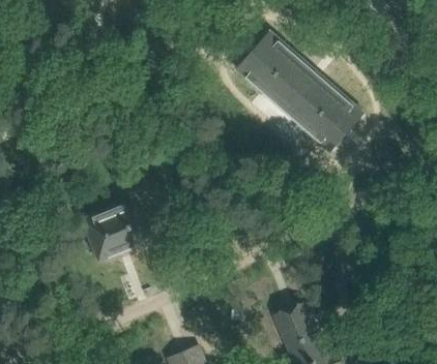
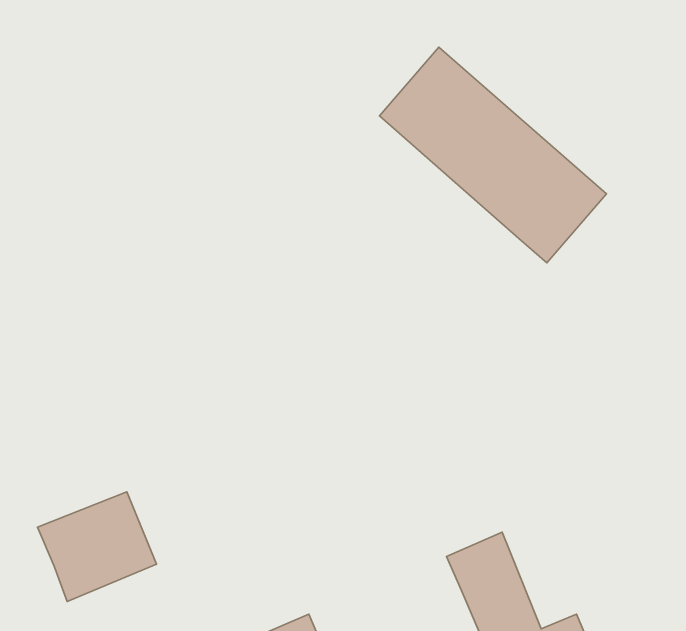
building: [80,200,146,261] -> [37,492,156,601]

